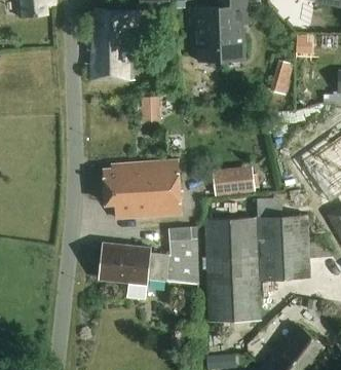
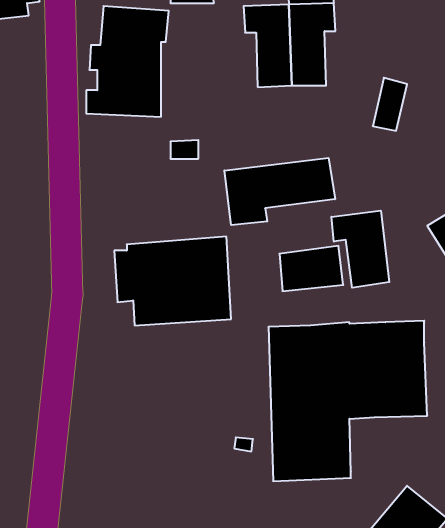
building: none -> [224,158,335,225]
building: none -> [331,211,389,288]
building: [100,226,198,284] -> none

